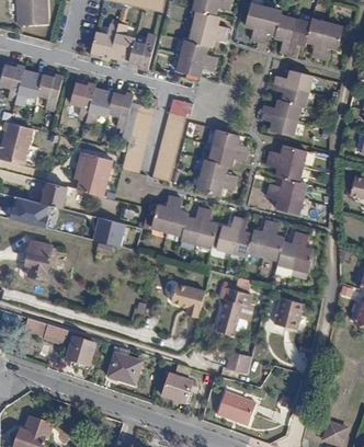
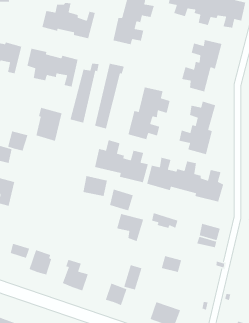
building: [93,218,125,245] -> [82,175,108,197]
building: none -> [109,188,134,211]
building: [220,302,244,335] -> [123,264,142,291]

